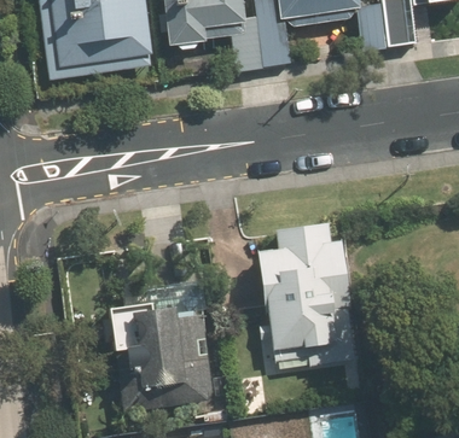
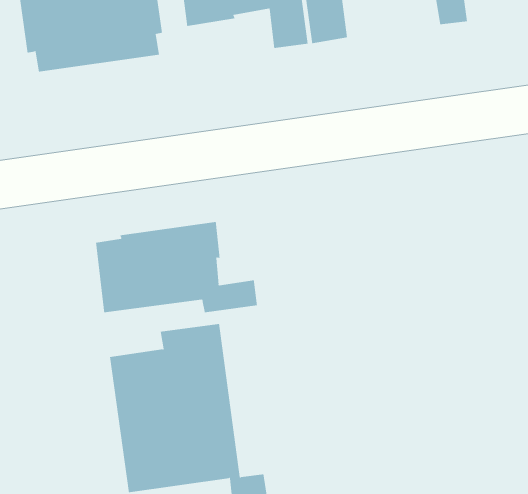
building: none -> [96,221,258,313]
building: [258,216,359,364] -> none

